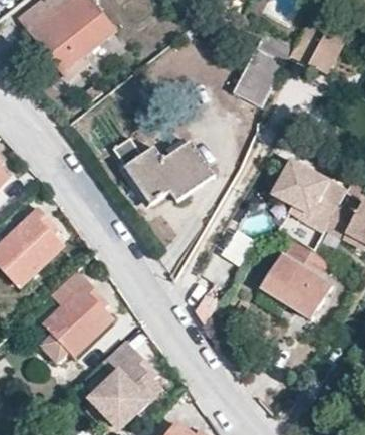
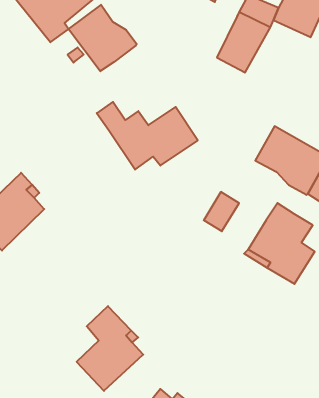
building: none -> [69,5,137,71]
building: [42,282,111,360] -> none

